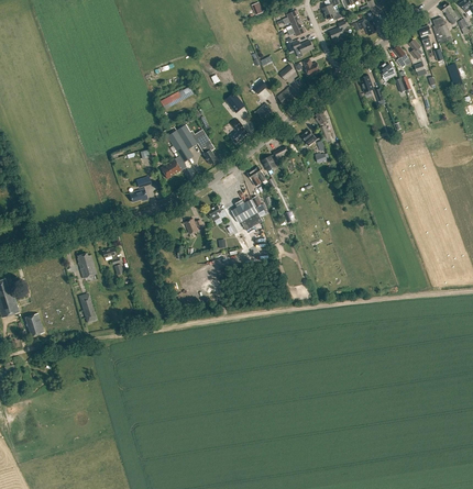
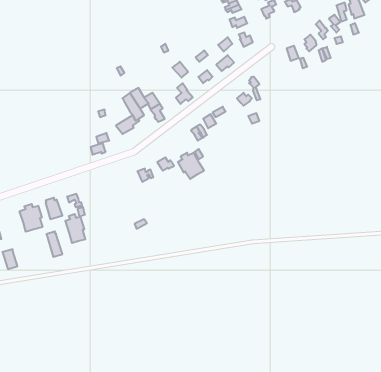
building: none -> [20,204,42,232]
building: none -> [65,214,85,243]

